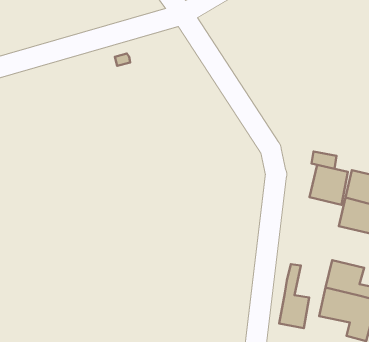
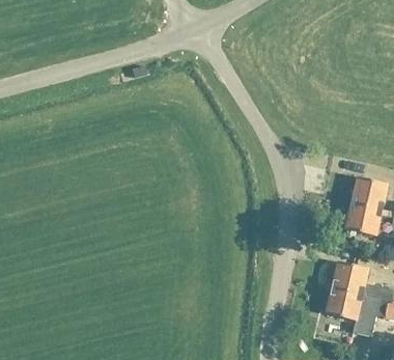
building: [310,165,348,205] -> none
building: [279,264,309,328] -> none

